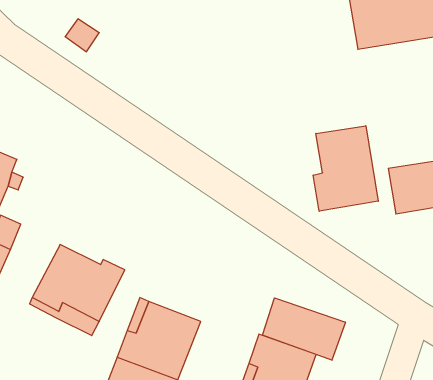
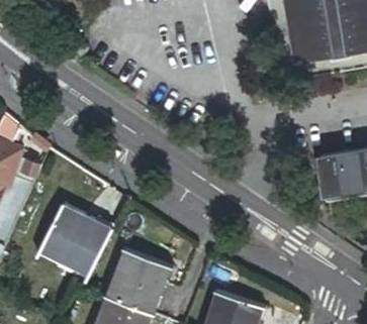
building: [313,126,378,211] -> none
building: [262,298,345,360] -> none

